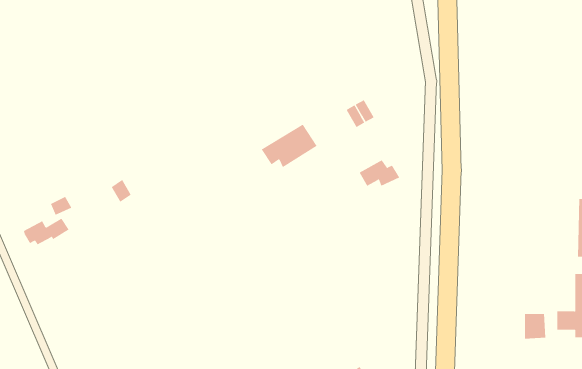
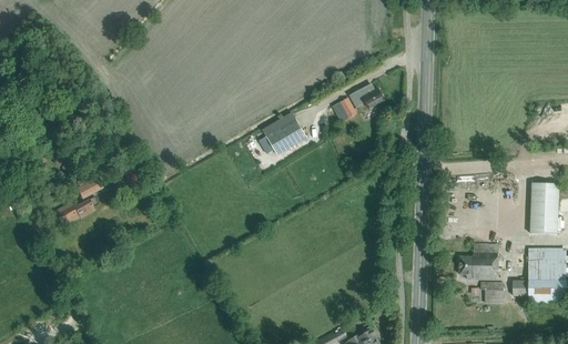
building: [359,160,400,187] -> [349,83,385,107]
building: none -> [460,252,498,277]

